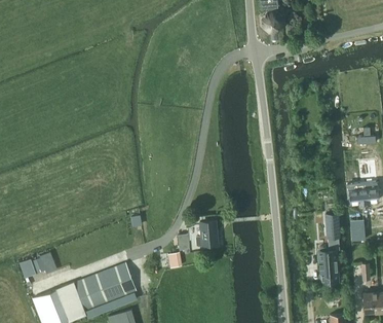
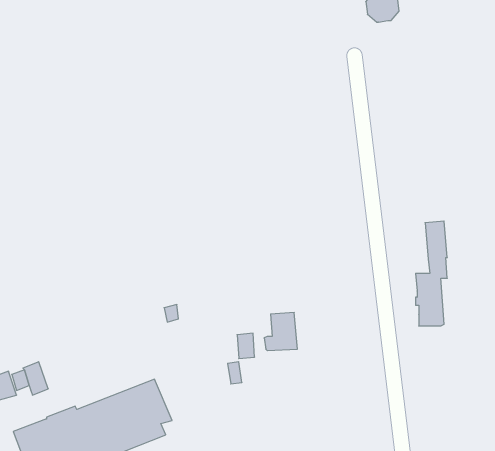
building: [318,213,339,281] -> [416,221,447,326]

